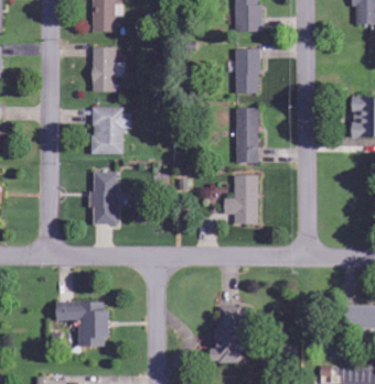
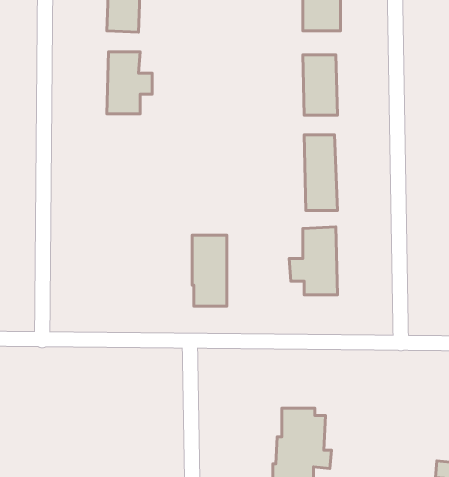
building: [90,106,130,154] -> none
building: [90,172,116,223] -> [192,235,227,306]
building: [55,301,109,347] -> none

